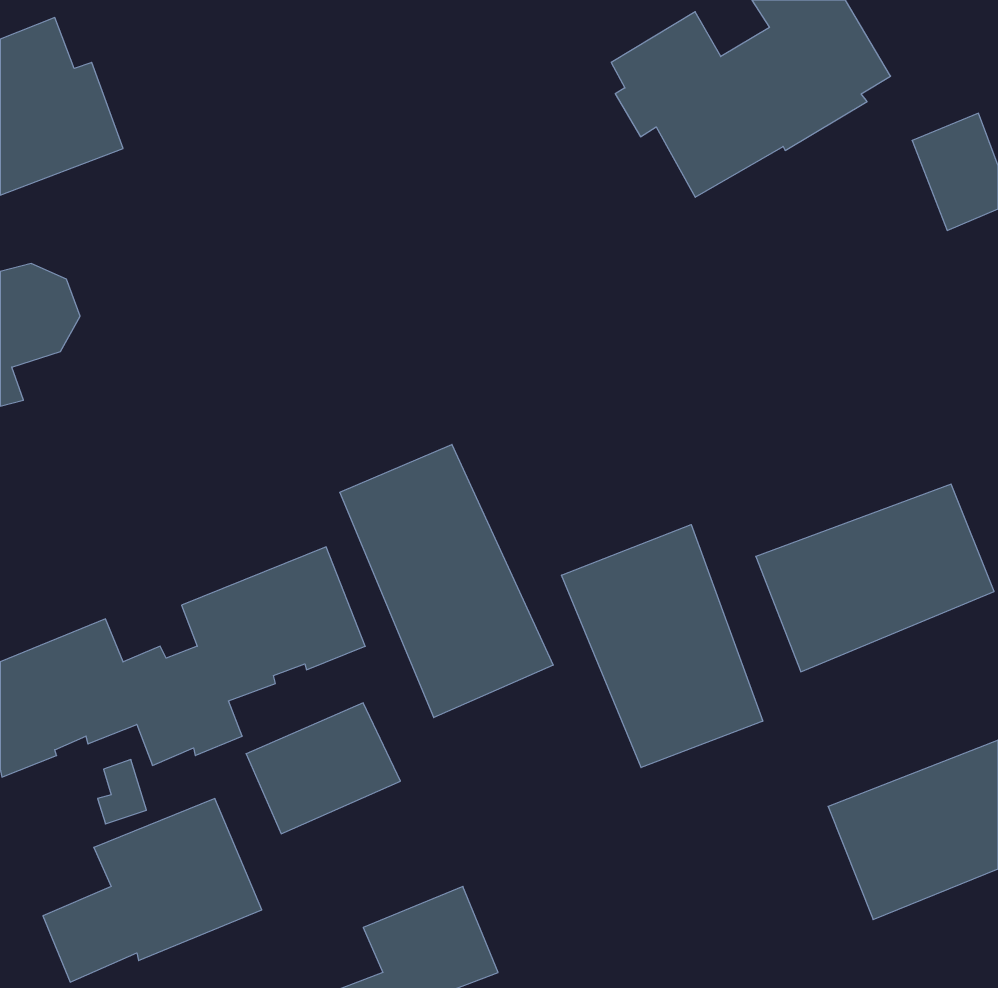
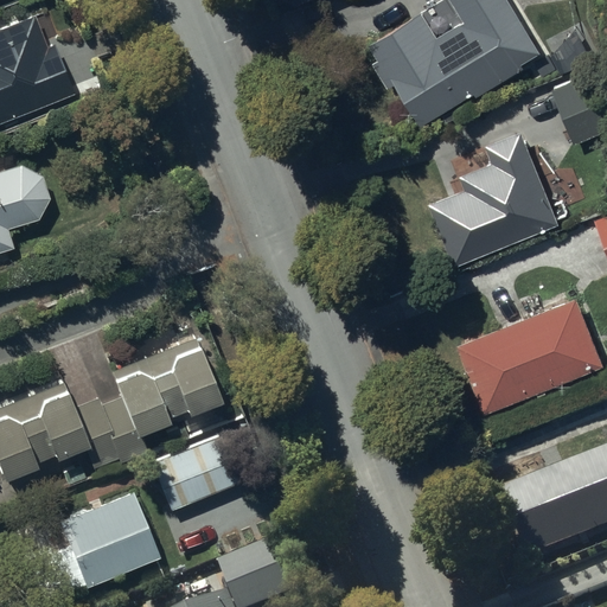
building: none -> [430,130,569,267]
building: [340,444,553,718] -> none
building: [562,525,763,768] -> none

